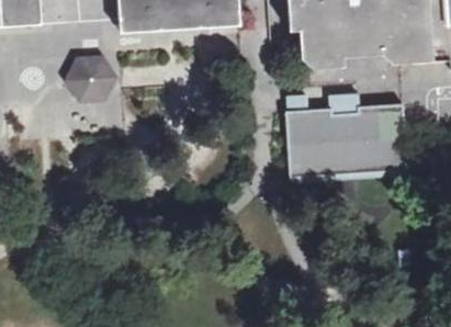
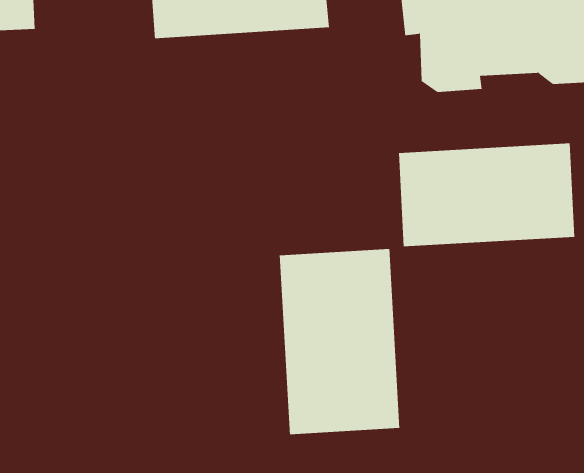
building: [63,57,116,104] -> none
building: none -> [279,248,400,435]

